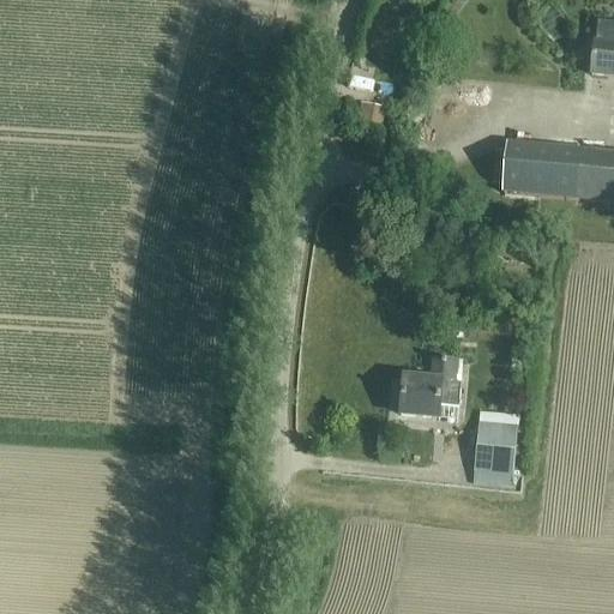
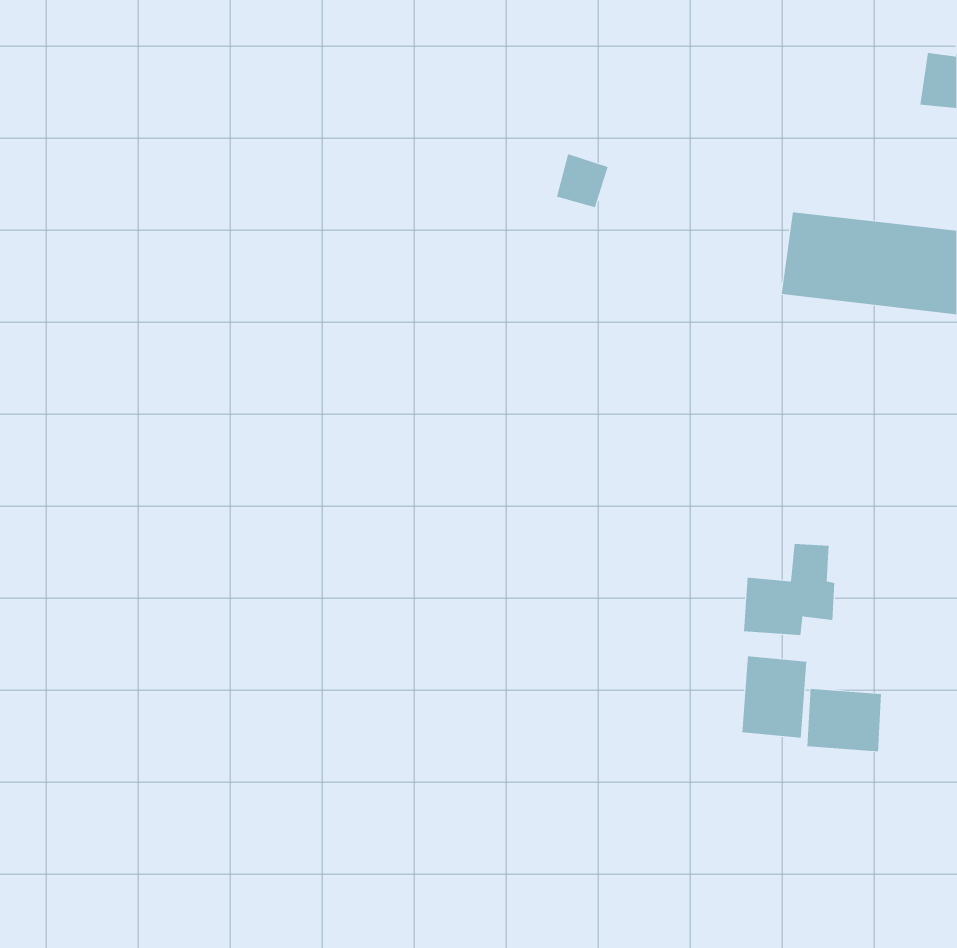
building: [401,355,459,414] -> [743,544,835,635]
building: none -> [807,688,882,752]

